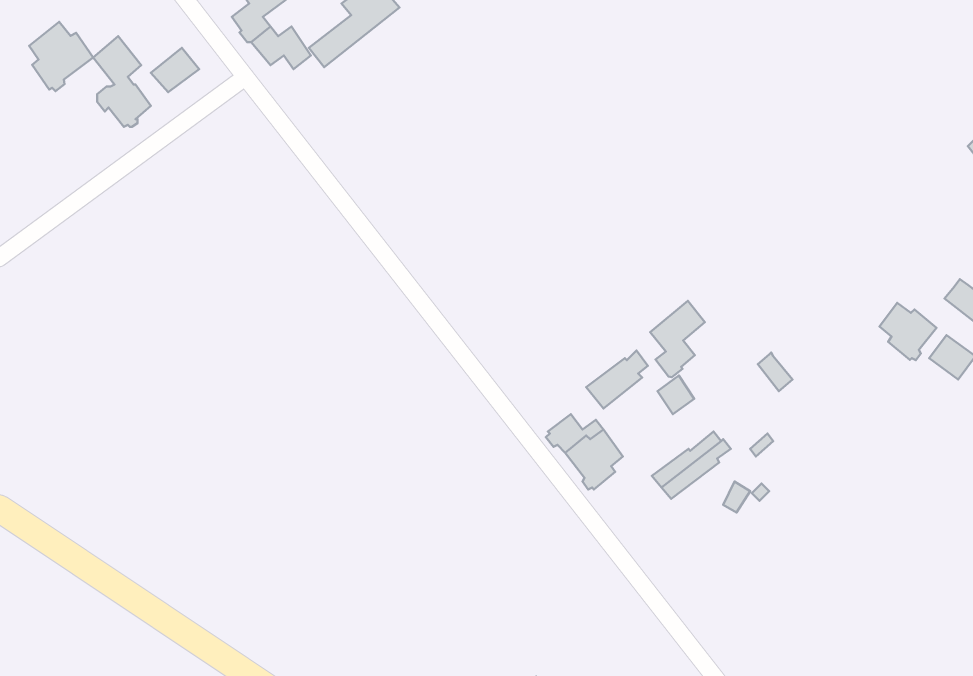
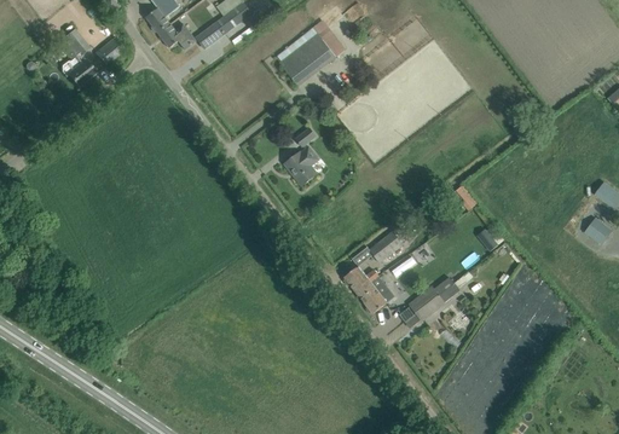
building: [29,22,93,91] -> none
building: none -> [280,27,346,86]
building: none -> [284,128,319,186]
building: [650,301,705,377] -> none
building: [880,303,936,360] -> none

